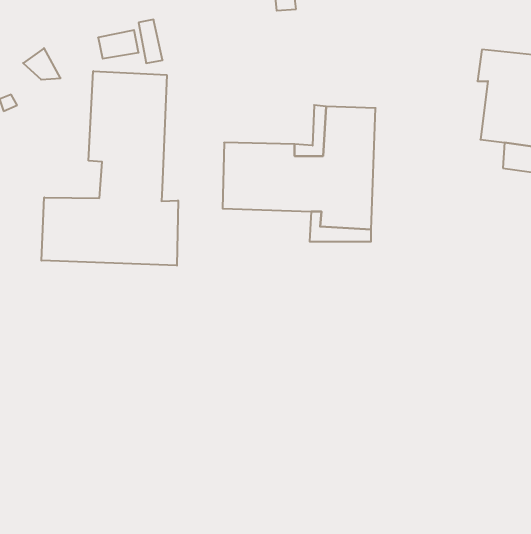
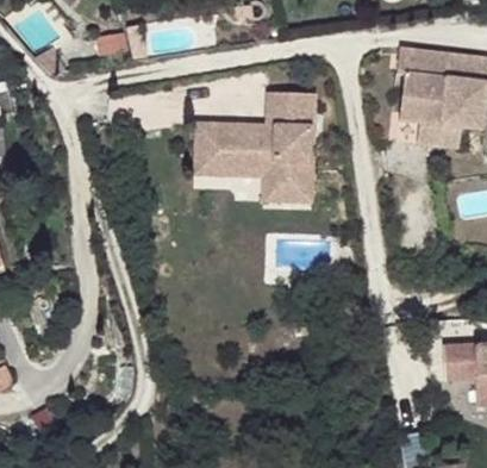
building: [41,71,178,266] -> none

